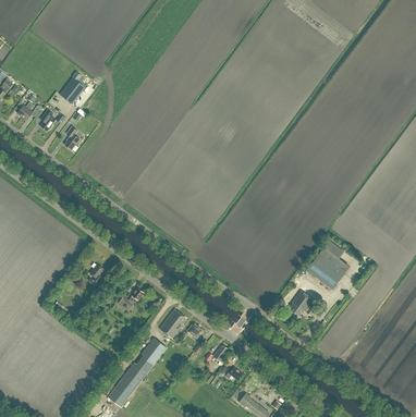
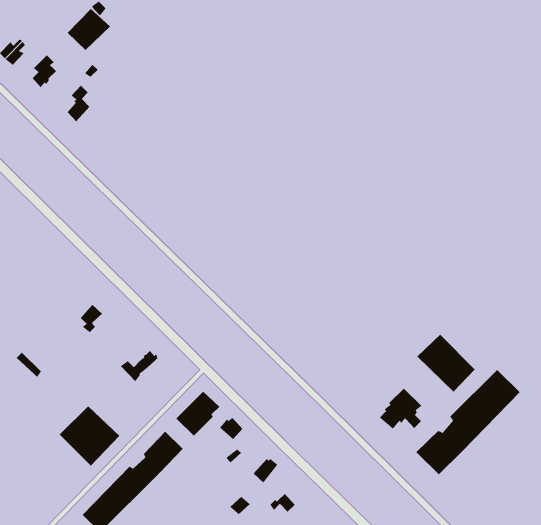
building: none -> [416,369,521,475]
building: none -> [59,406,120,466]

